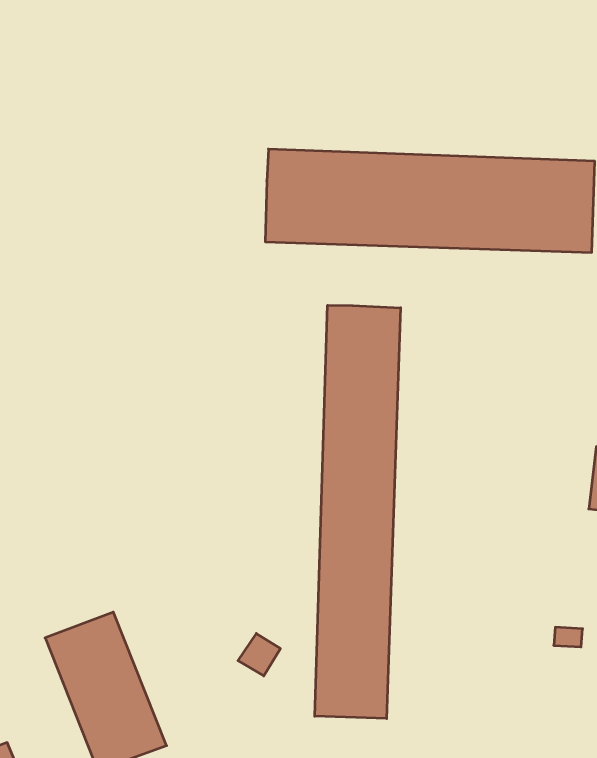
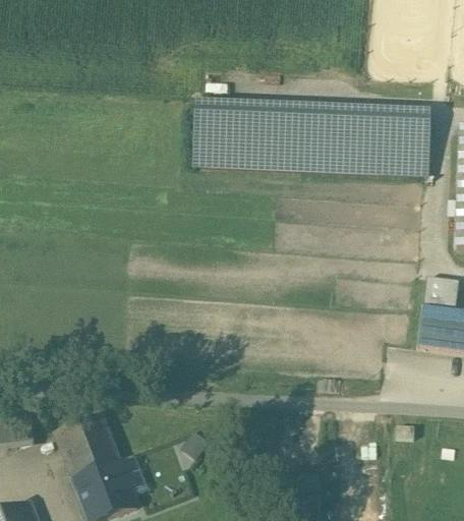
building: [315,305,401,719] -> none

